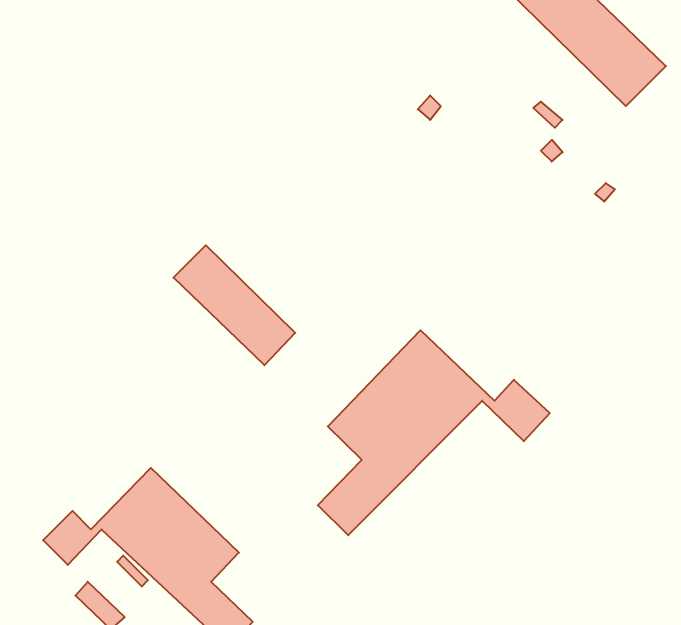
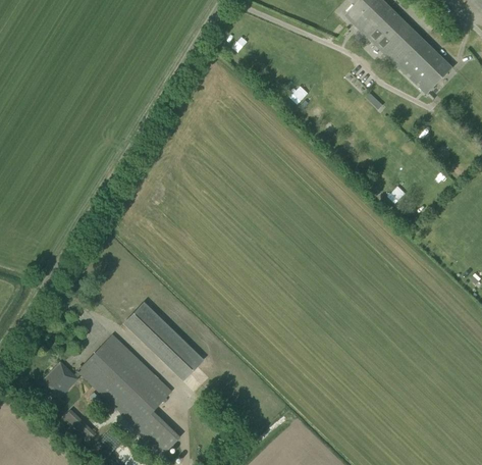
building: [173,245,295,365] -> [123,301,204,380]
building: [318,330,550,535] -> none

